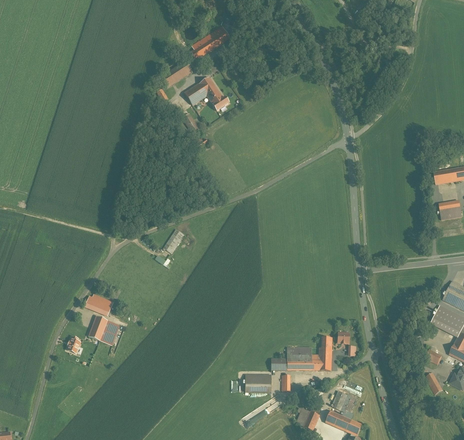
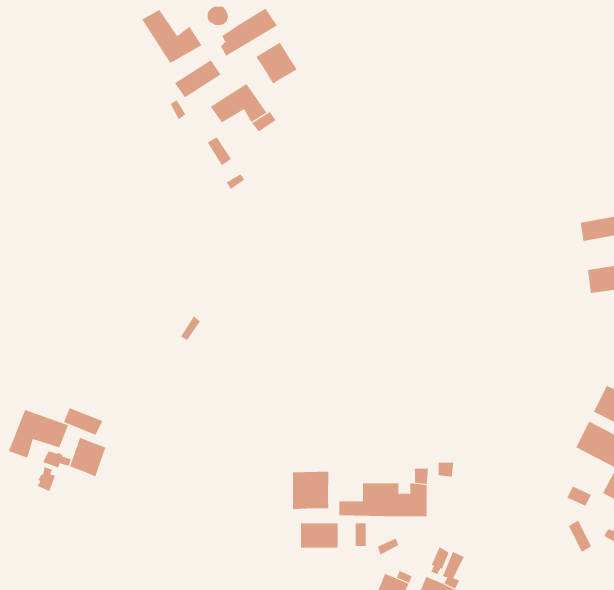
building: none -> [142,9,202,64]
building: none -> [255,42,298,84]
building: none -> [8,409,69,458]
building: none -> [293,471,329,510]

